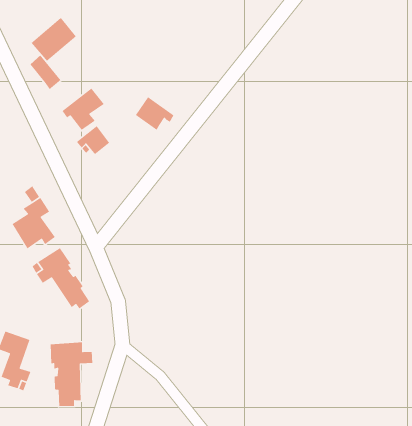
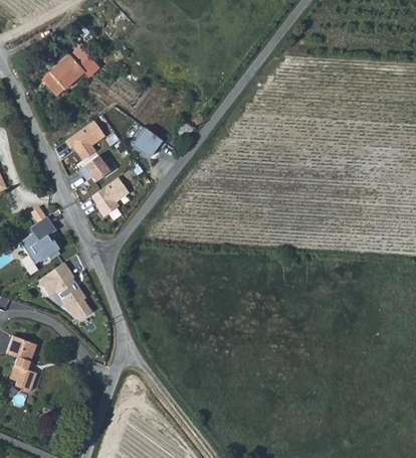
building: [29,55,62,90] -> [66,46,95,79]
building: none -> [91,175,129,215]
building: [50,342,93,407] -> none

